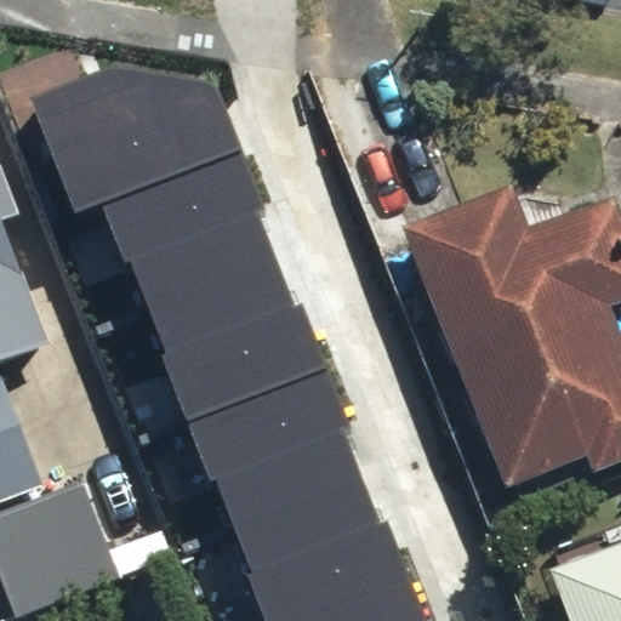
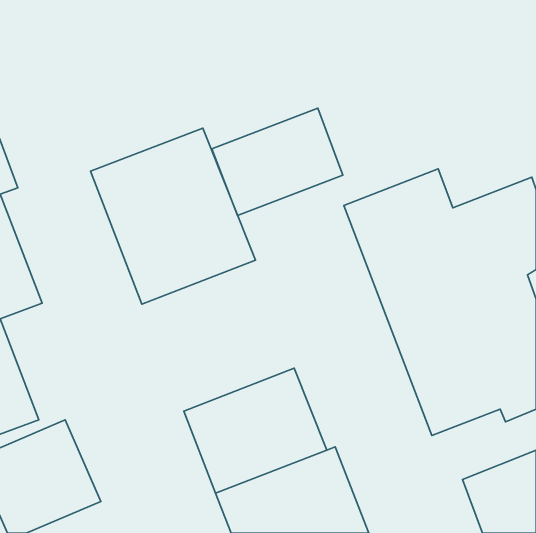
building: [32,59,234,209] -> none
building: none -> [212,108,343,215]
building: [164,297,351,475] -> none

